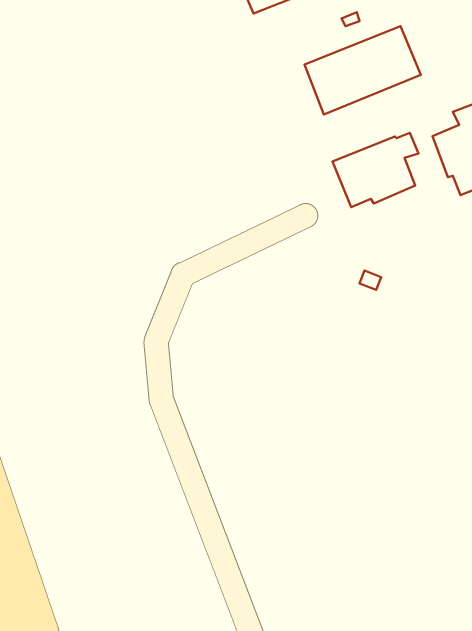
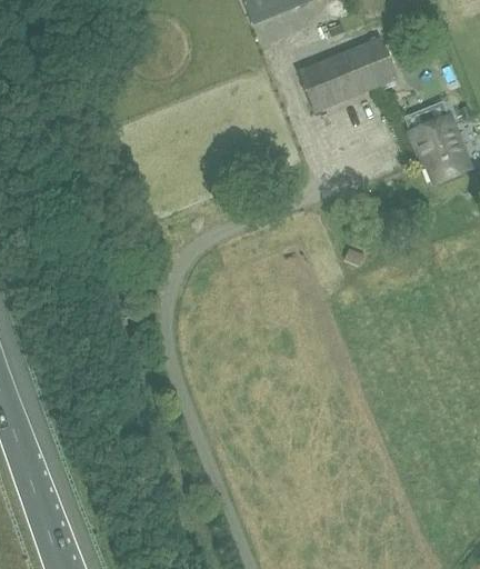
building: [333,133,419,207] -> none

